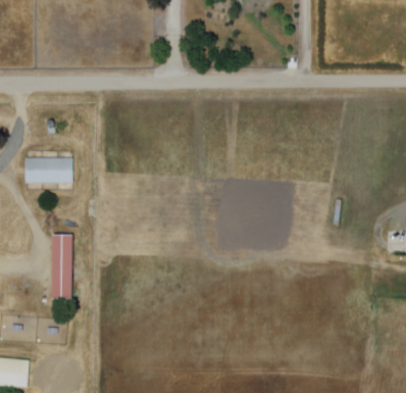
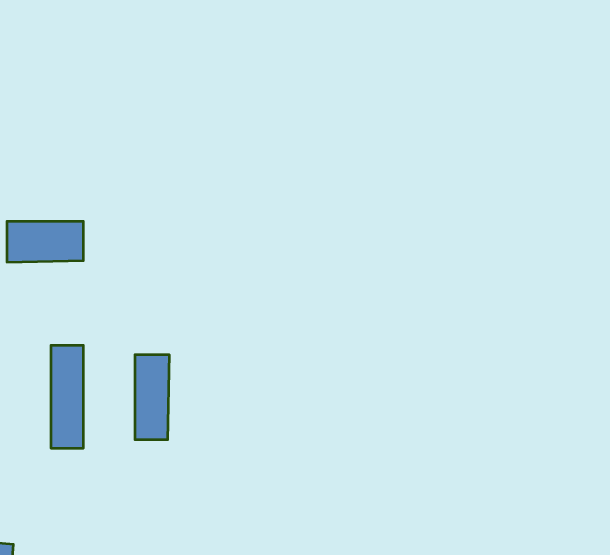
building: none -> [135,355,169,440]

